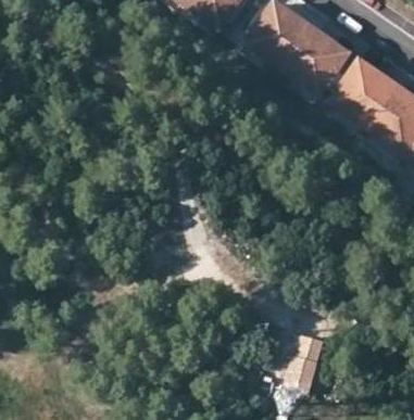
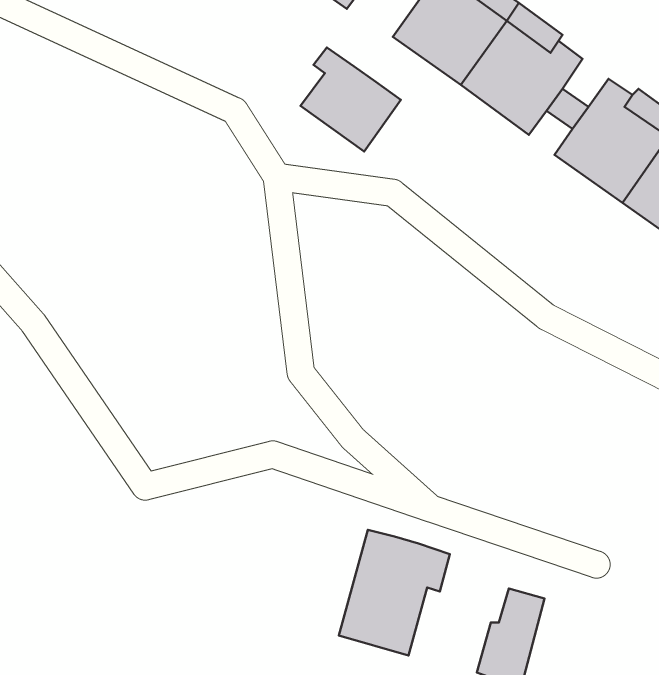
building: none -> [301,47,401,151]
building: none -> [339,530,450,655]

